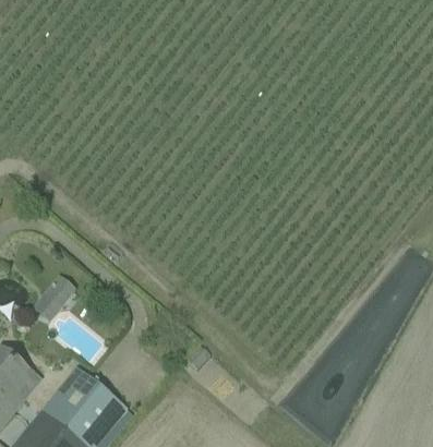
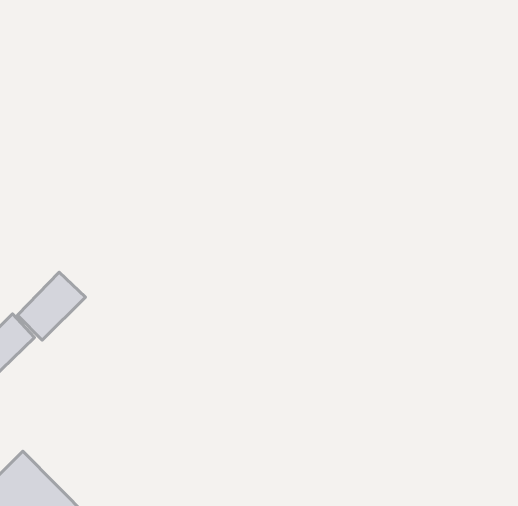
building: none -> [17,272,86,340]

